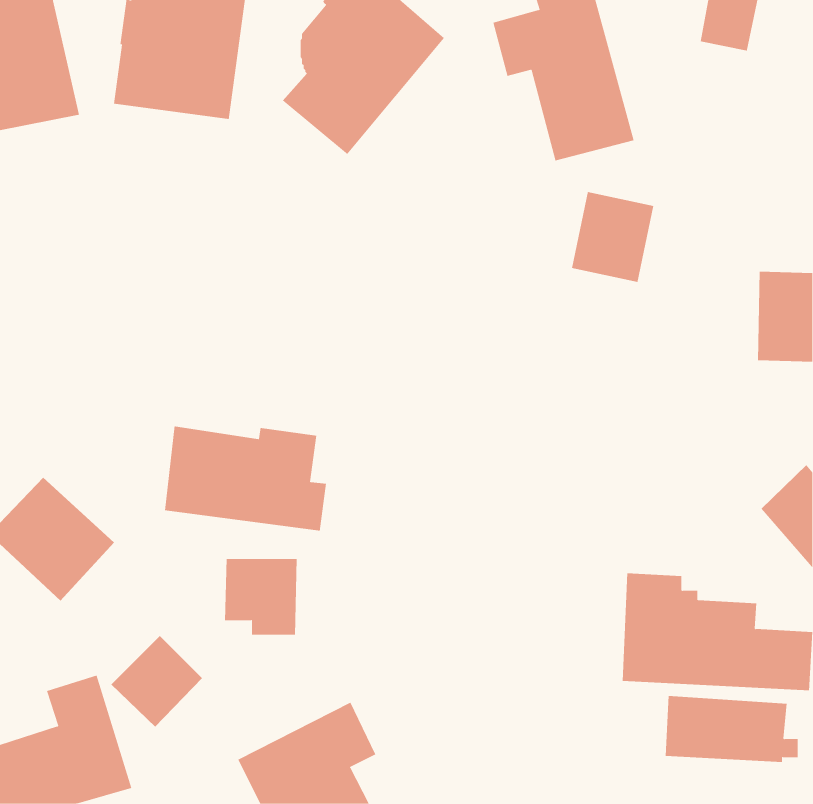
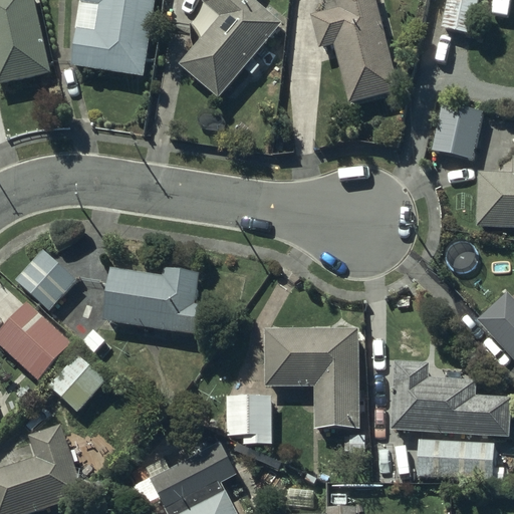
building: [571,192,654,283] -> [431,100,483,158]
building: none -> [15,249,76,309]
building: none -> [264,327,359,428]
building: [224,558,297,635] -> [226,395,272,443]
building: [110,635,203,728] -> [48,352,106,411]

